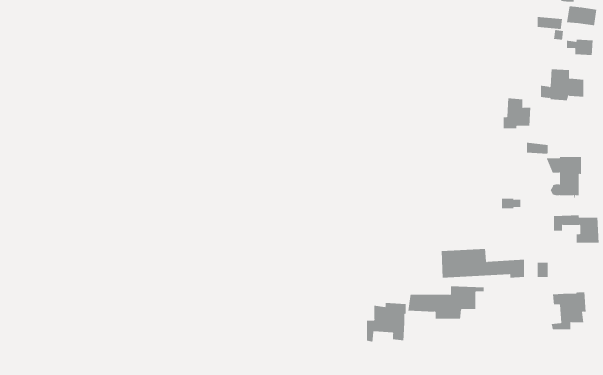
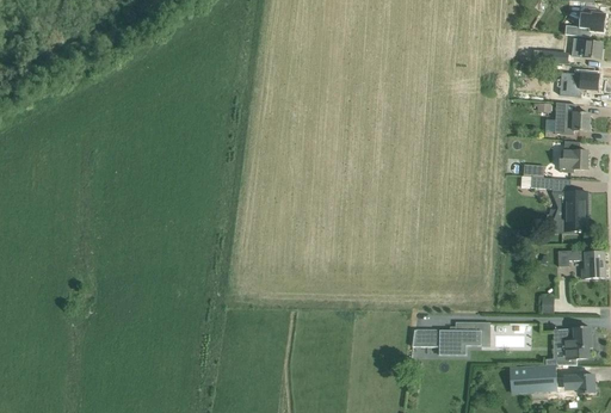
building: [503,98,531,129] -> [558,140,587,171]
building: [441,249,525,278] -> [508,363,593,393]
building: [366,302,406,343] -> none

